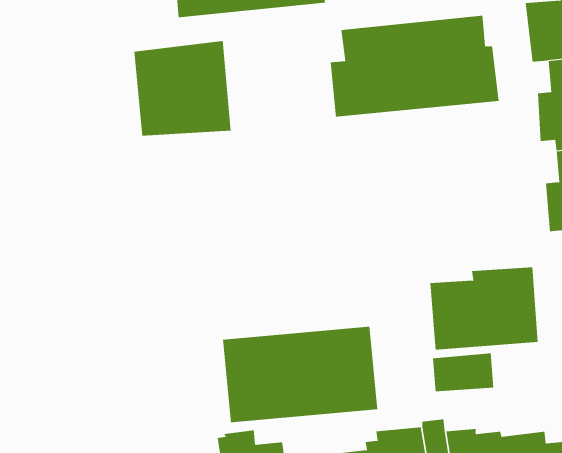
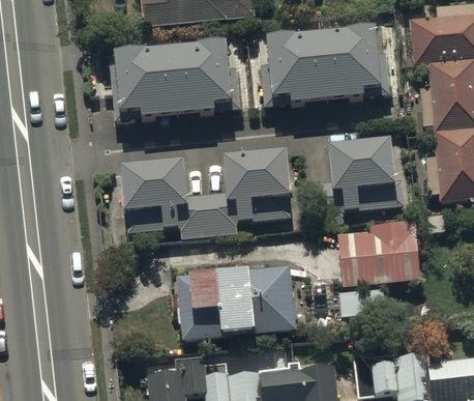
building: none -> [178,41,234,116]
building: none -> [308,141,405,224]
building: none -> [119,152,292,237]

